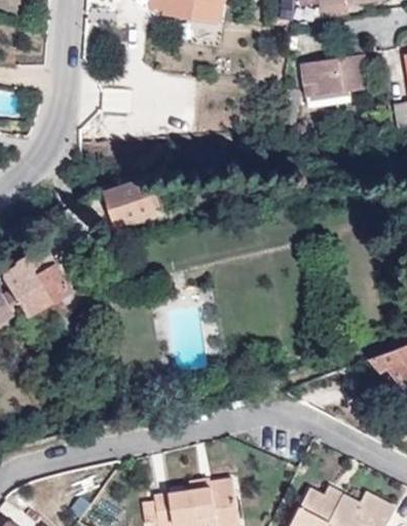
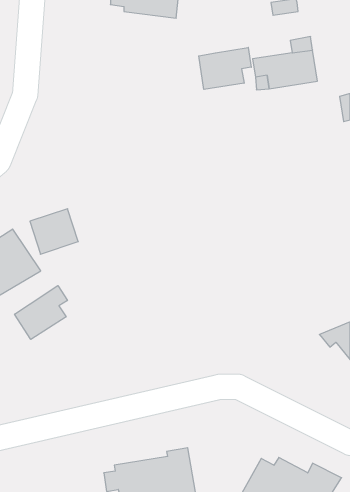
building: none -> [199,47,251,89]
building: [104,179,155,227] -> [30,209,78,254]
building: none -> [15,286,67,339]

